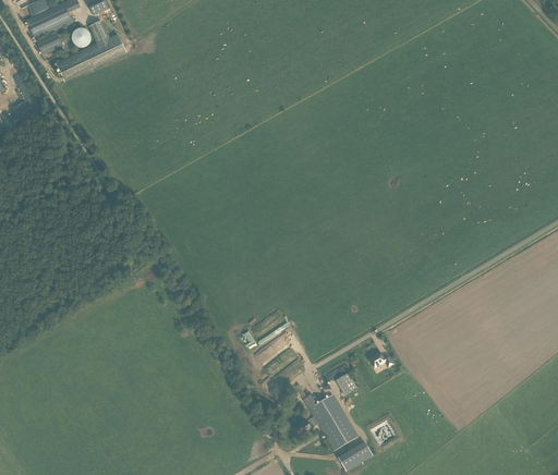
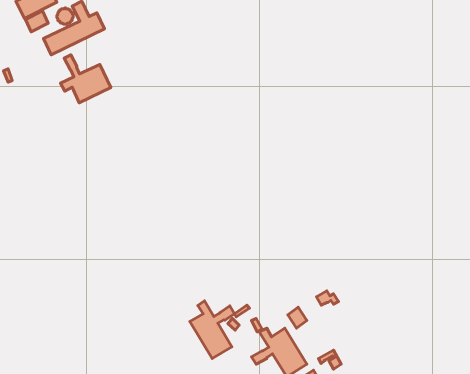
building: none -> [60,55,111,103]
building: none -> [190,301,234,358]

